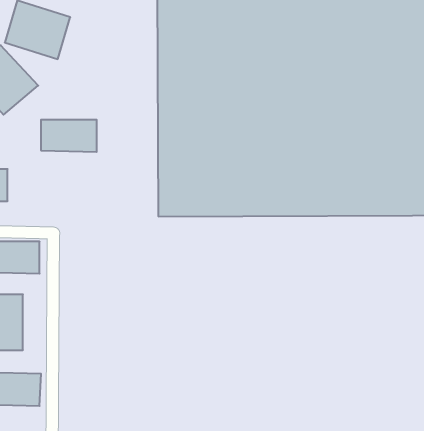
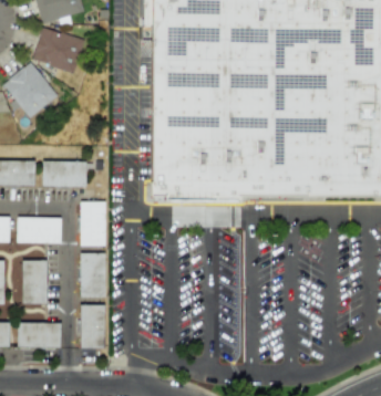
building: [41,120,97,152] -> [42,161,86,187]
building: none -> [80,201,105,246]
building: none -> [80,253,105,298]
building: none -> [80,304,105,348]

